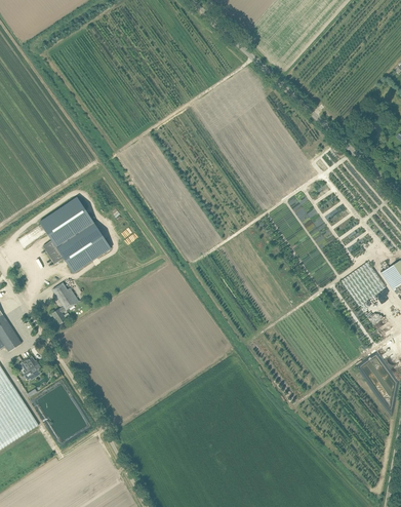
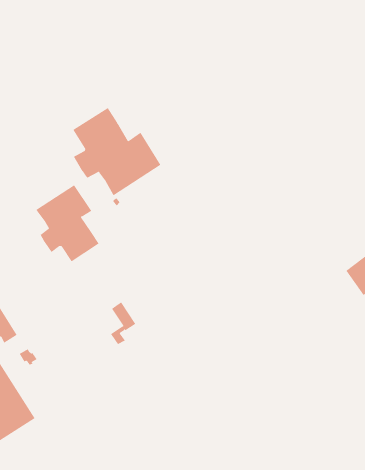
building: none -> [72,107,161,196]
building: [51,281,77,323] -> [110,302,136,345]

